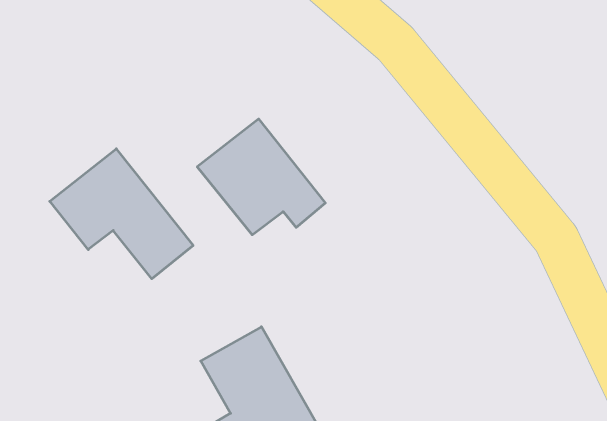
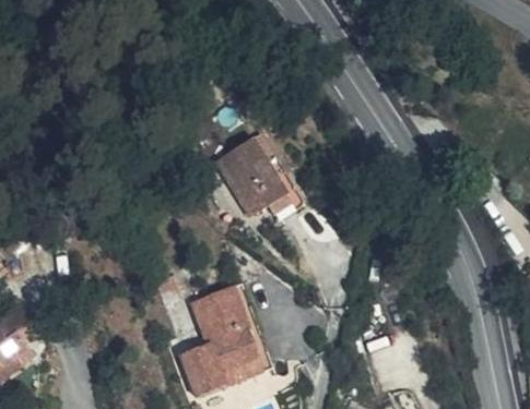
building: [50,149,193,279] -> none

